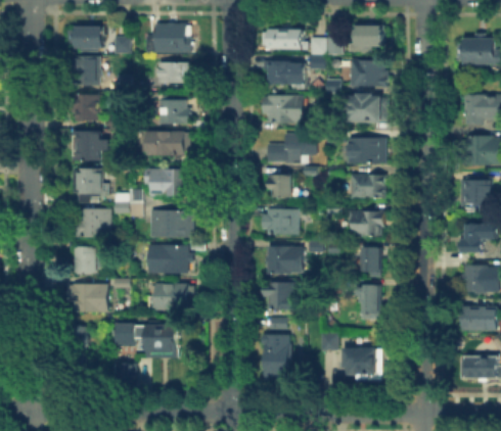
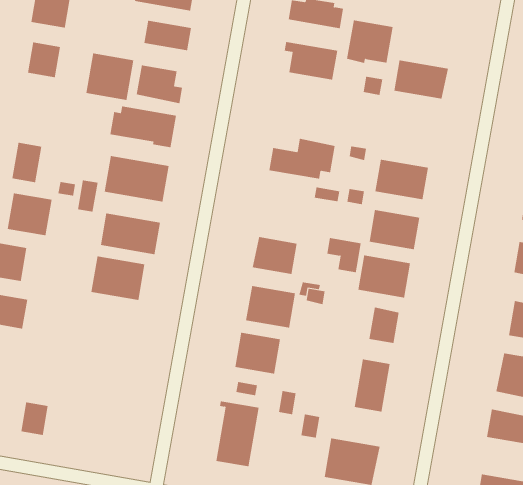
building: [350,27,382,46] -> none
building: [261,91,301,122] -> none
building: [345,97,385,122] -> none
building: [71,129,102,159] -> [85,53,134,100]
building: [266,174,290,196] -> [326,238,362,273]
building: [151,284,190,309] -> none
building: [118,322,177,360] -> none

